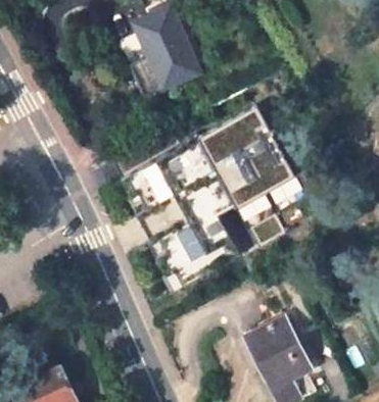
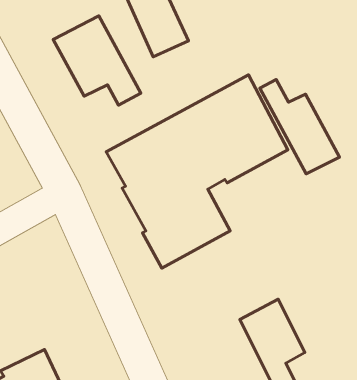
building: none -> [53,16,141,105]
building: none -> [260,80,340,174]

